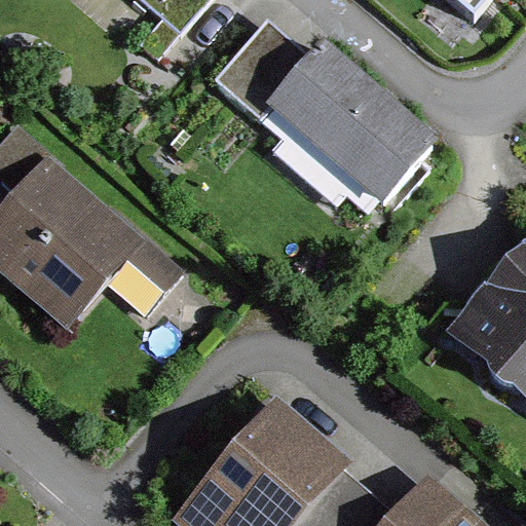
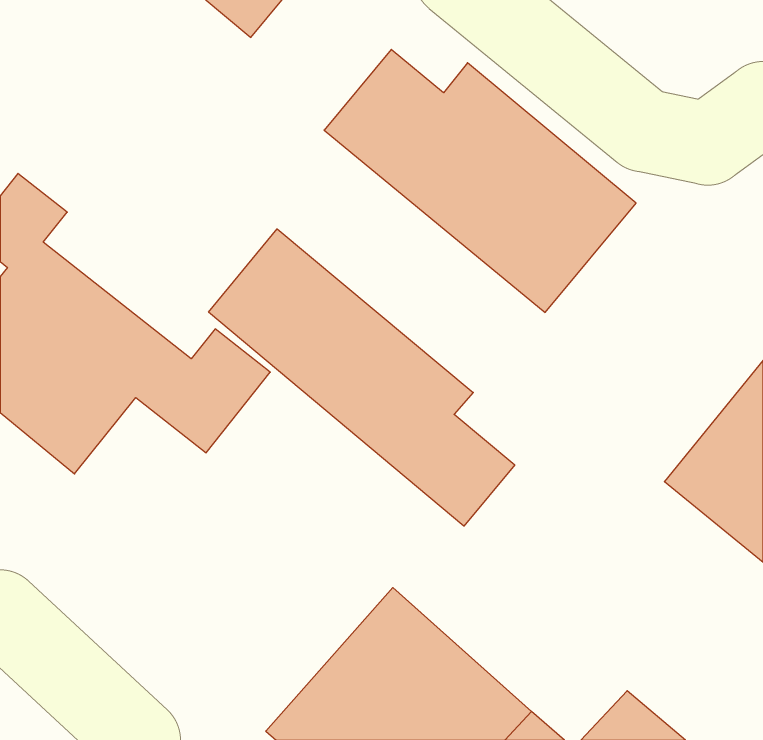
building: none -> [209,229,515,526]

